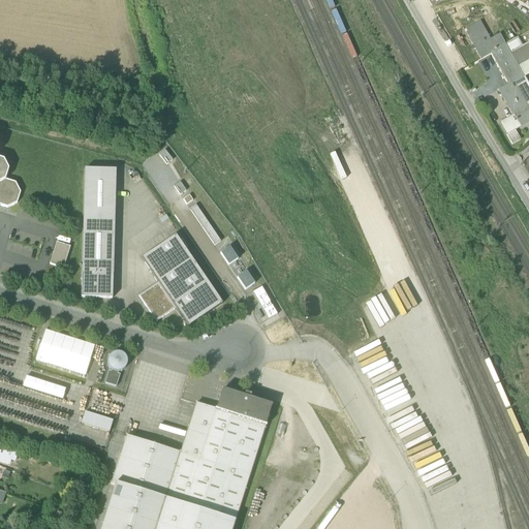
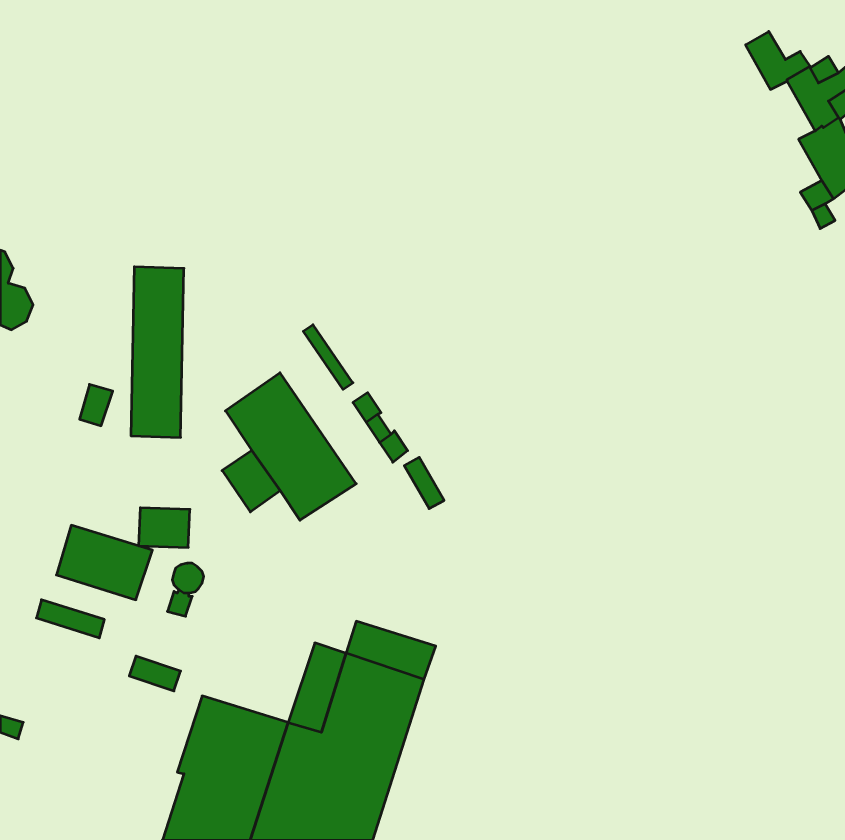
building: [82,272,114,297] -> [139,508,190,547]

